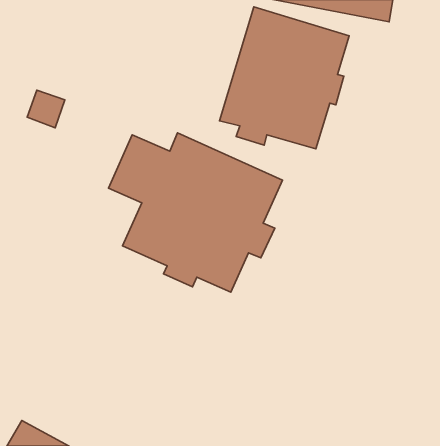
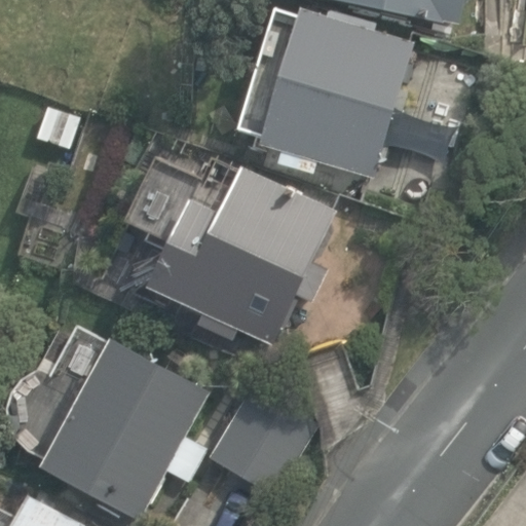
building: none -> [41,338,206,517]
building: none -> [208,383,314,493]

